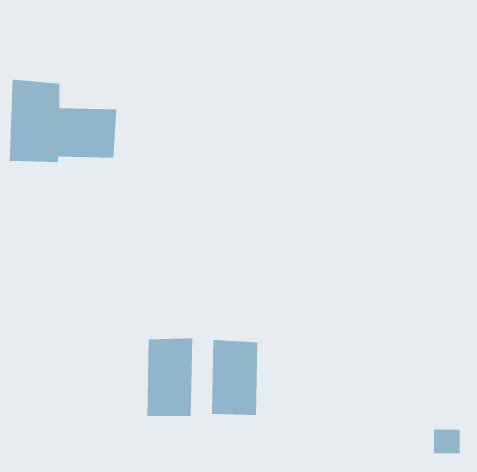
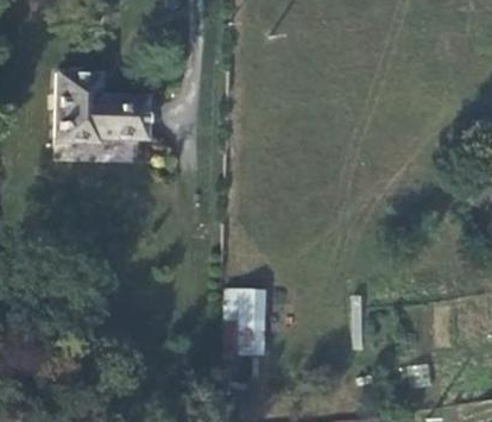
building: [146,338,193,417] -> none

